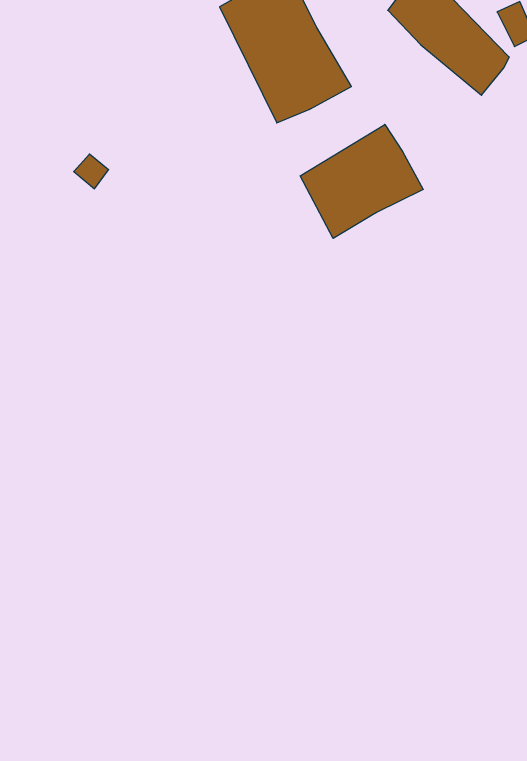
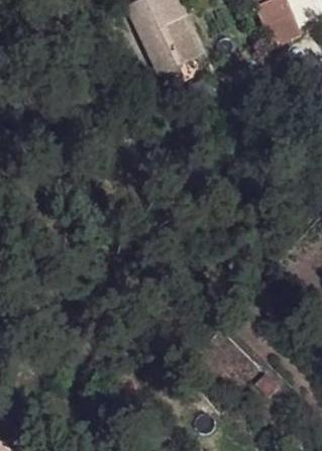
building: [300,124,423,238] -> none

